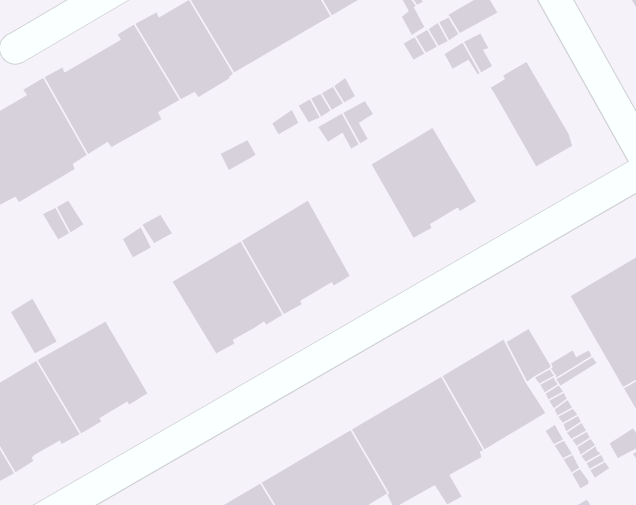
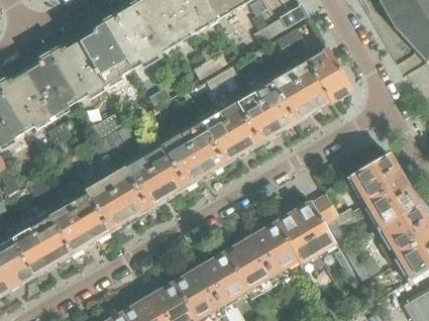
building: none -> [271,62,329,123]
building: none -> [200,102,259,166]
building: none -> [85,169,147,232]

